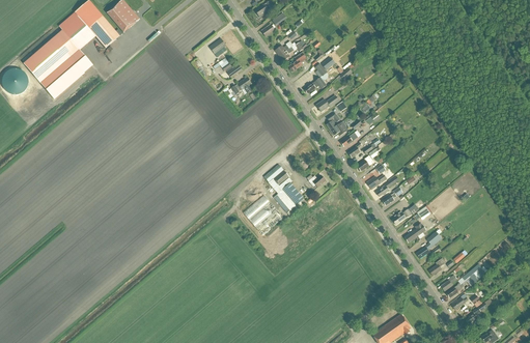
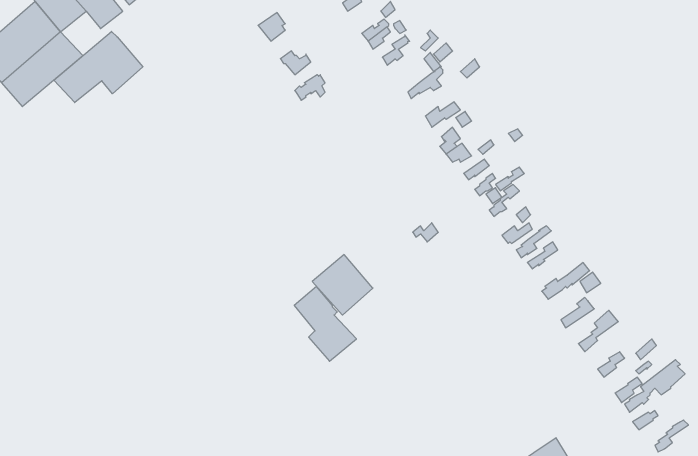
building: none -> [54,31,143,103]
building: [264,164,305,212] -> [294,286,356,361]

